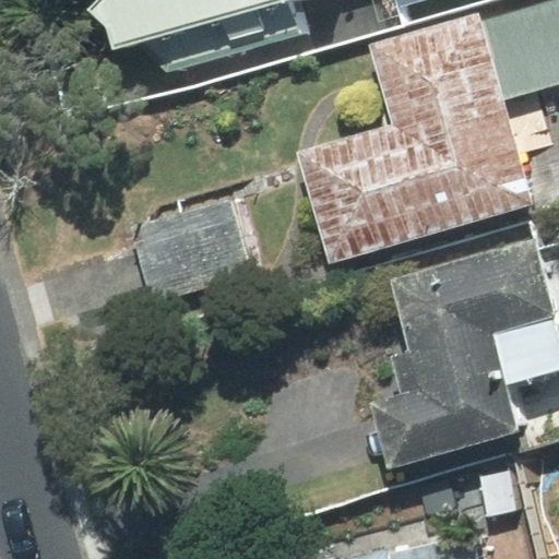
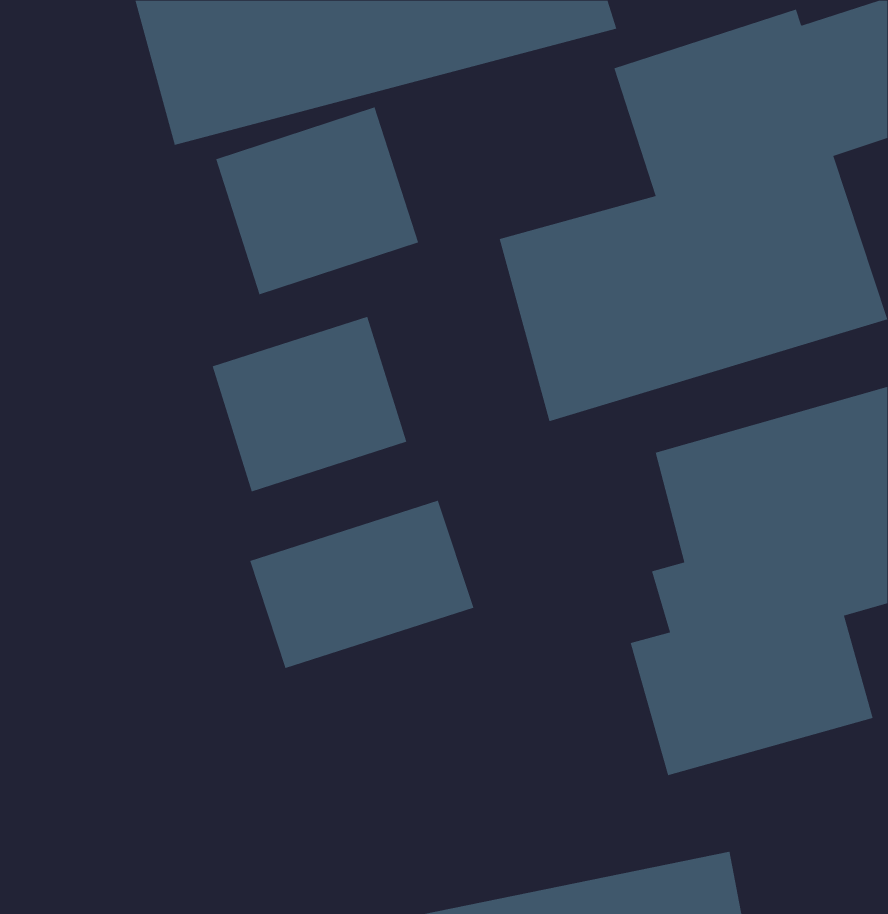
building: none -> [215,106,419,295]
building: none -> [249,500,474,669]

